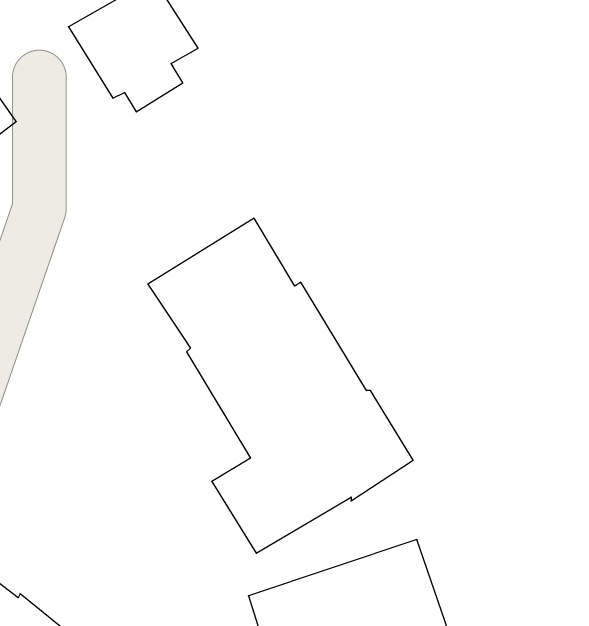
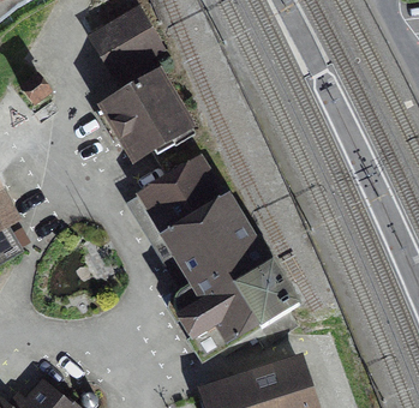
building: none -> [95,65,194,166]

